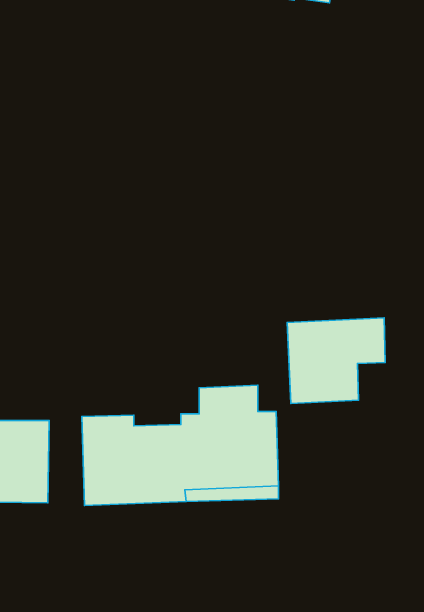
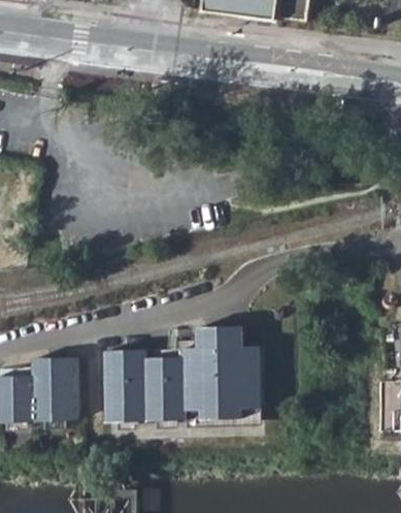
building: [287,318,385,404] -> none

